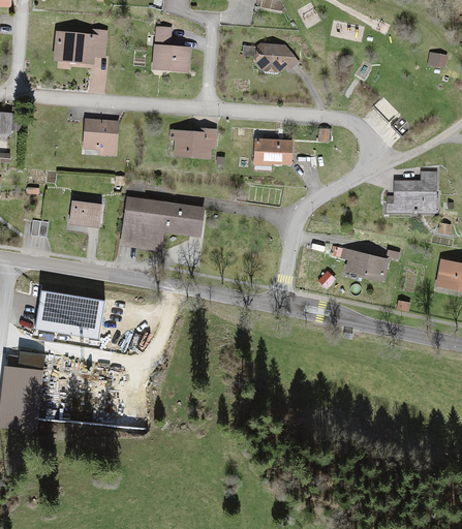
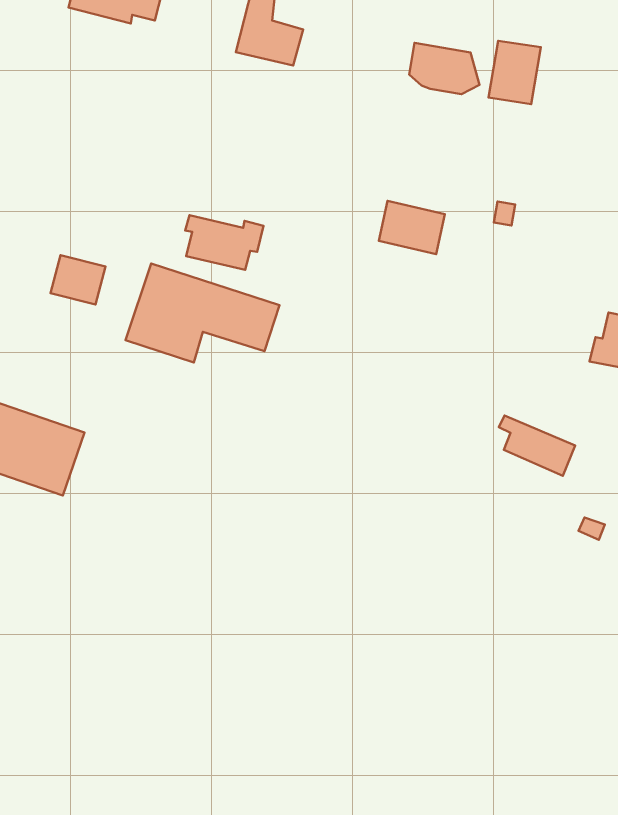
building: none -> [488,41,541,104]
building: [83,118,118,155] -> none
building: [171,128,215,156] -> [185,215,263,270]

